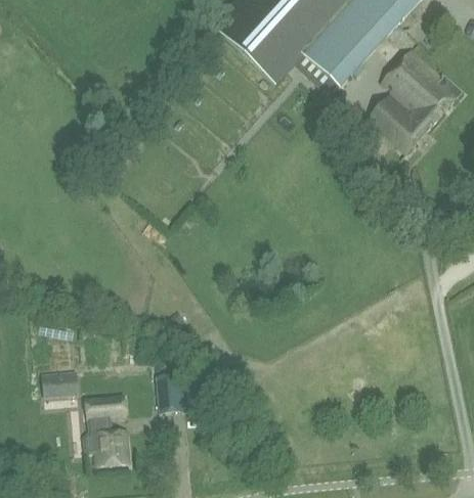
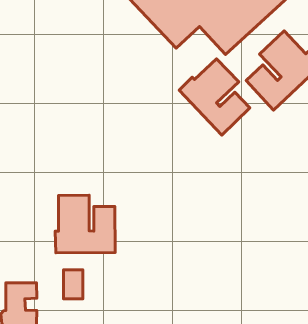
building: none -> [179,59,250,135]
building: none -> [55,195,115,253]

